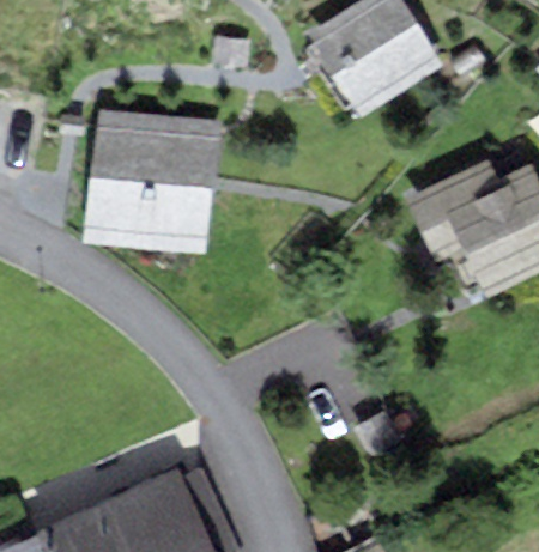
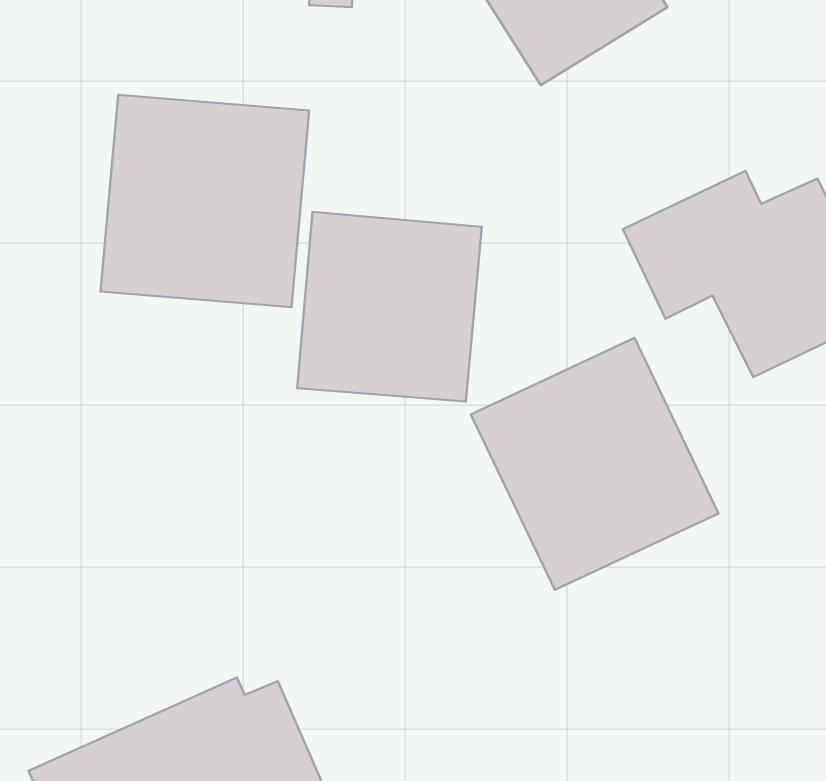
building: none -> [297,212,482,401]
building: none -> [471,338,718,590]

